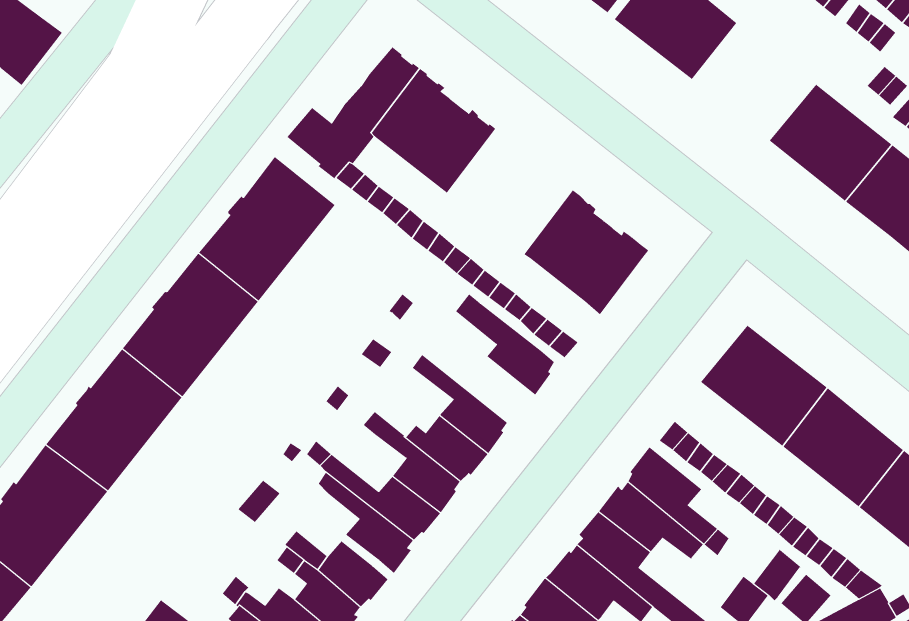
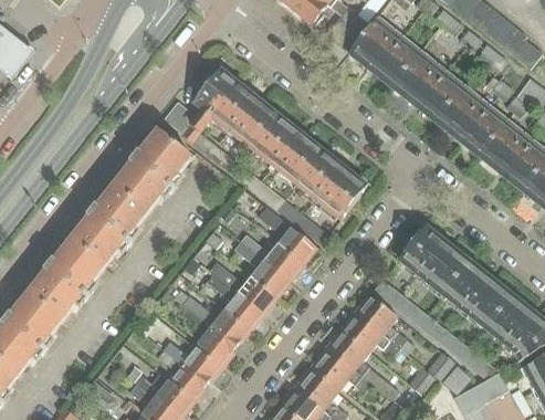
building: none -> [392,54,462,120]
building: none -> [254,114,325,185]
building: none -> [240,234,304,280]

